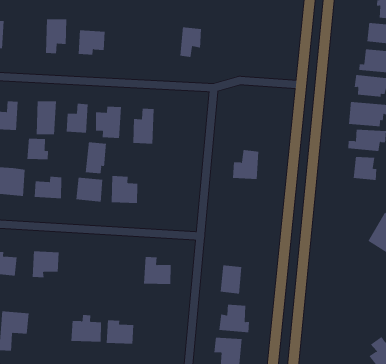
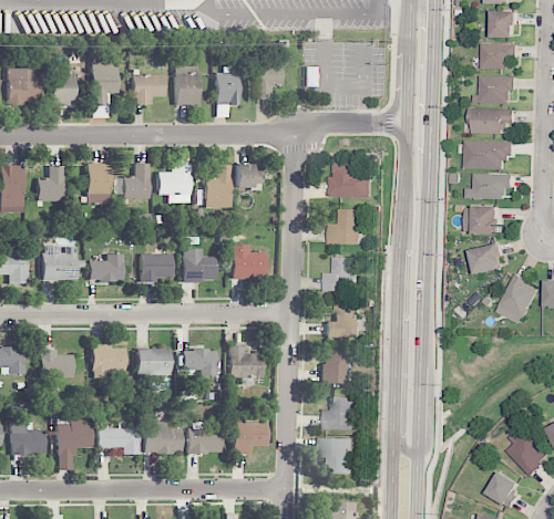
building: none -> [51,72,74,105]
building: none -> [175,66,198,105]
building: none -> [215,70,238,105]
building: none -> [234,166,261,189]
building: none -> [330,163,372,197]
building: [27,138,48,160] -> none
building: [85,141,107,174] -> none
building: none -> [230,245,265,279]
building: none -> [475,245,506,274]
building: none -> [324,257,358,292]
building: none -> [327,303,359,339]
building: none -> [136,349,171,376]
building: none -> [183,350,216,376]
building: none -> [98,422,140,456]
building: none -> [232,416,267,455]

